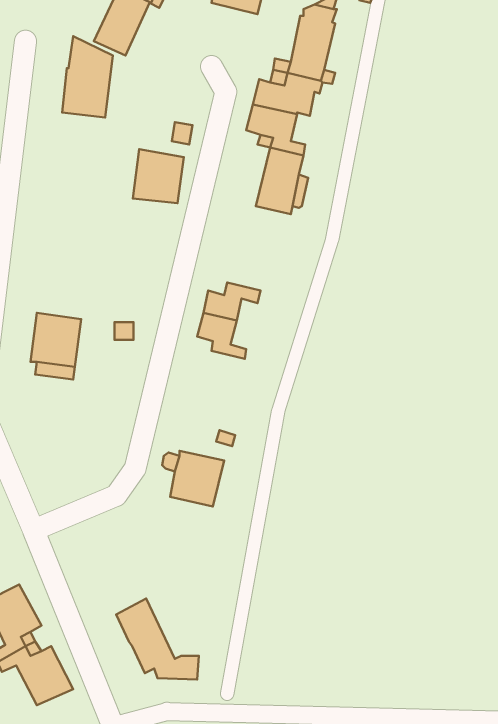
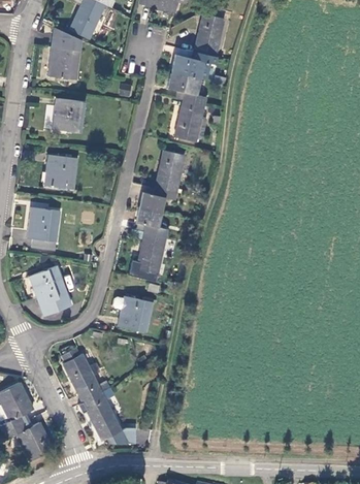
building: [133,149,184,203] -> [52,97,85,132]
building: none -> [155,150,185,192]
building: none -> [43,154,77,190]
building: none -> [135,231,166,275]
building: none -> [29,266,71,317]
building: none -> [61,348,110,402]

